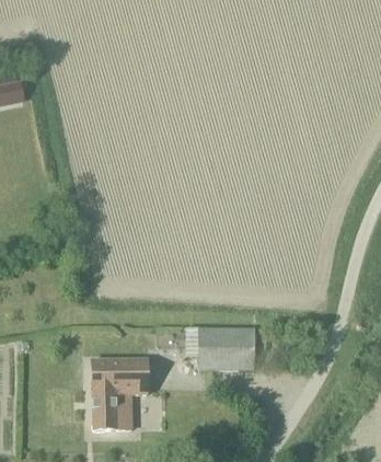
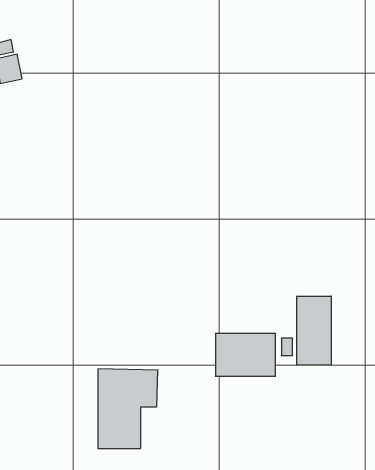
building: none -> [297,296,331,365]

